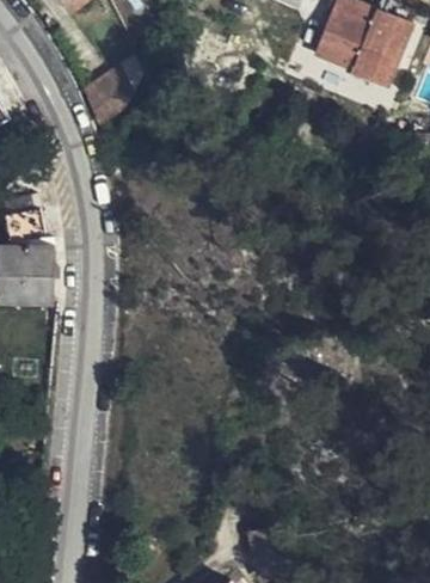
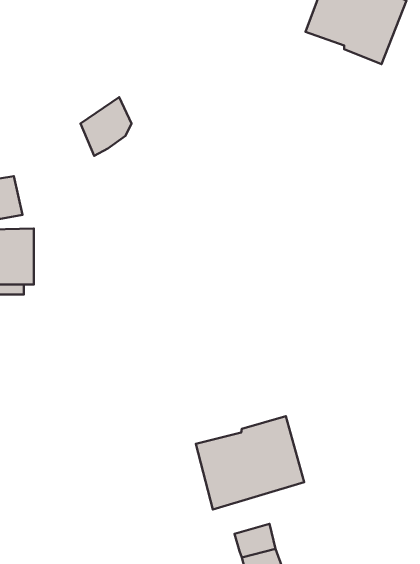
building: [84,67,133,123] -> [80,97,132,156]
building: none -> [196,416,304,510]

